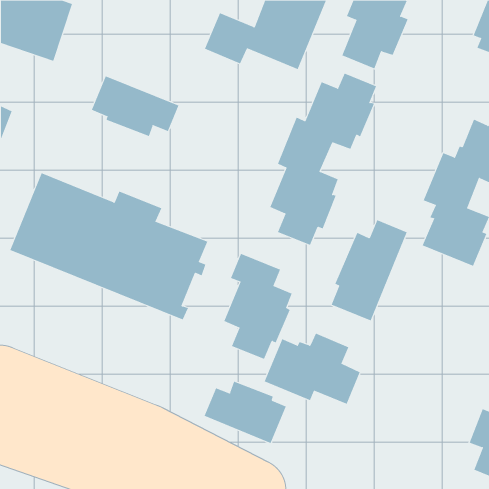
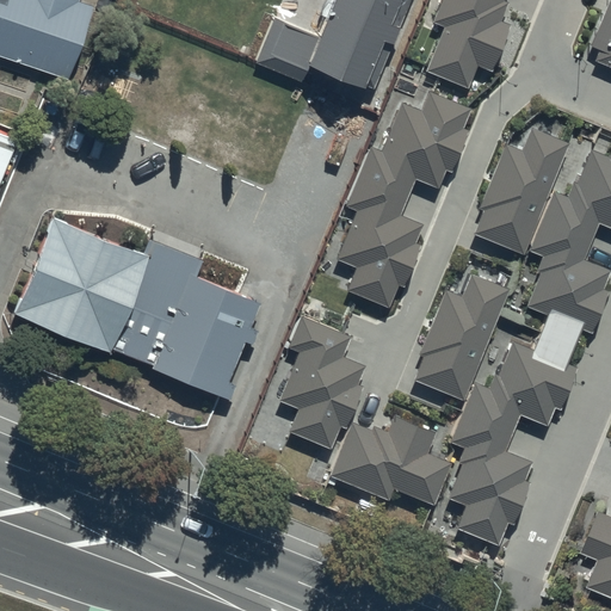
building: [91,75,179,137] -> none
building: none -> [473,129,568,254]
building: none -> [448,341,576,545]
building: [204,381,287,444] -> none

